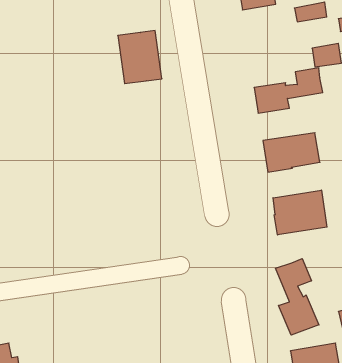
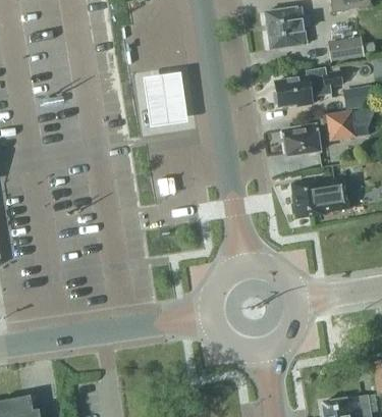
building: none -> [275,66,341,107]
building: [273,190,327,235] -> none
building: [275,259,319,335] -> none

